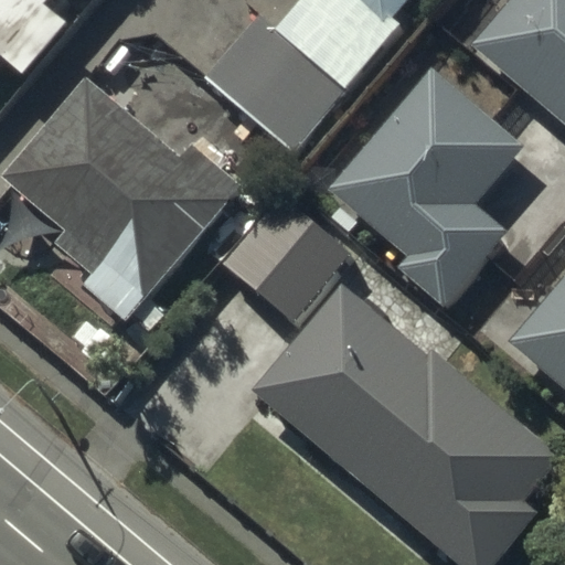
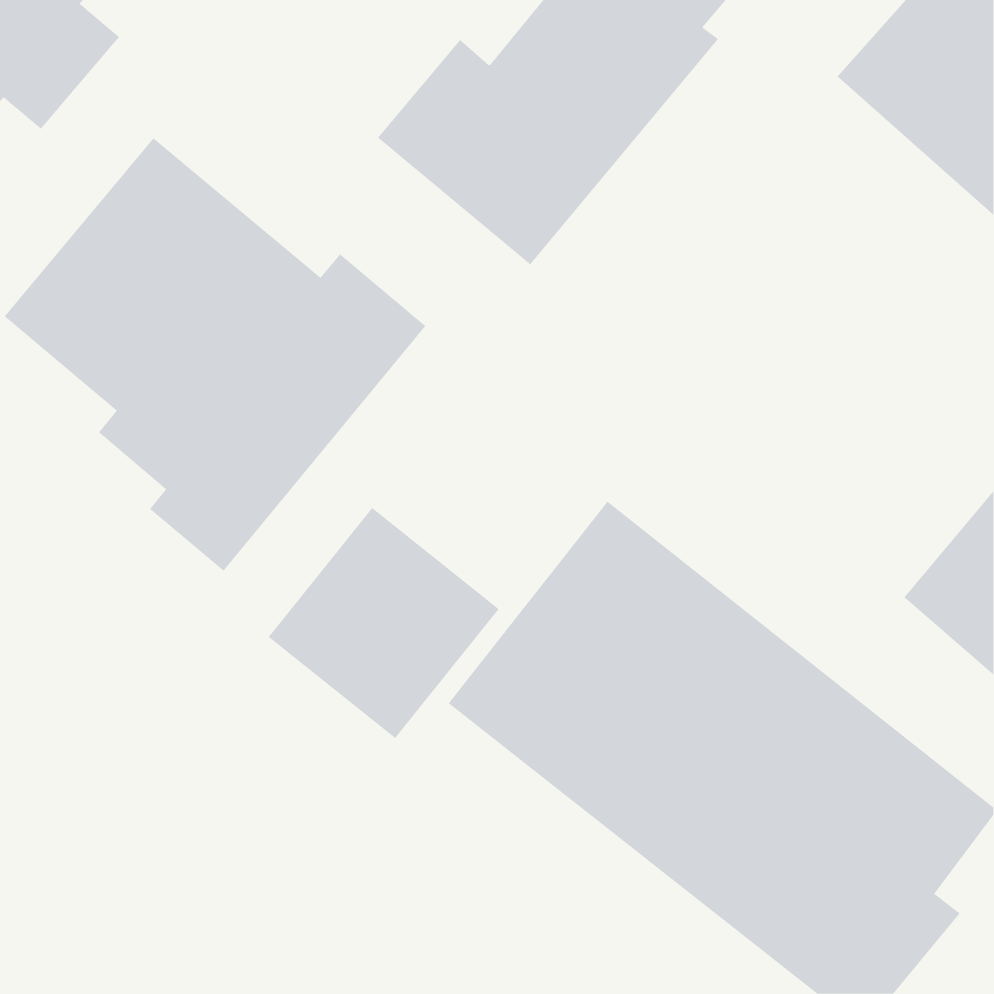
building: [329,73,520,307] -> none
building: [217,193,348,323] -> [268,507,499,739]

